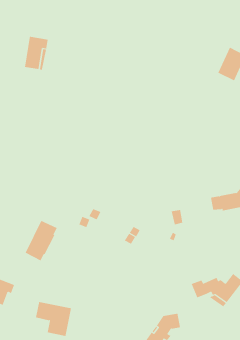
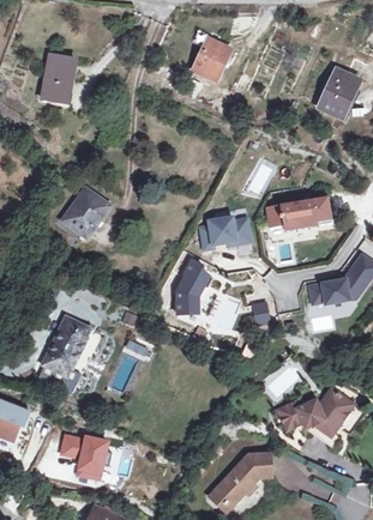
building: none -> [194,40,230,79]
building: none -> [62,187,112,235]
building: none -> [267,196,332,230]
building: none -> [200,217,251,249]
building: none -> [176,259,212,312]

